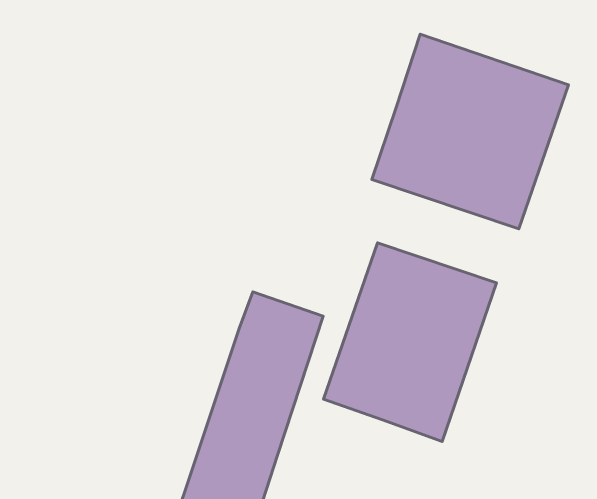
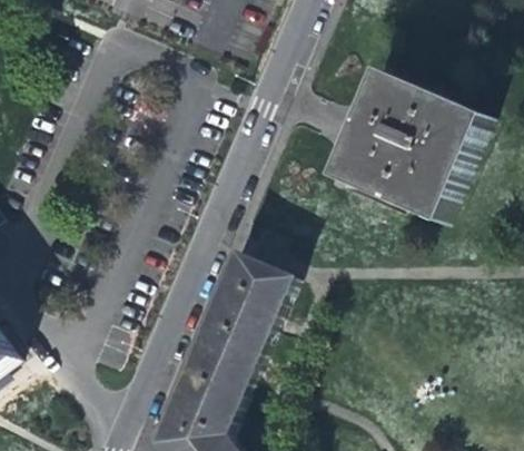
building: [323,243,496,441] -> none

